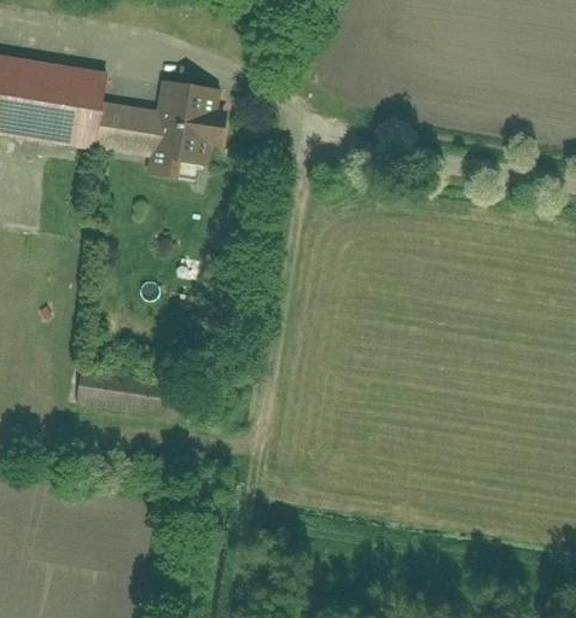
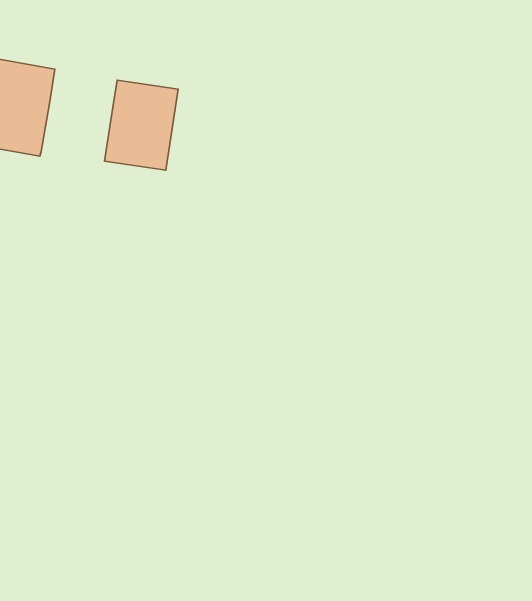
building: [91,103,159,161] -> none
building: [70,365,165,407] -> none

